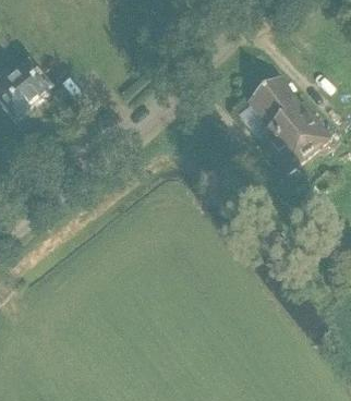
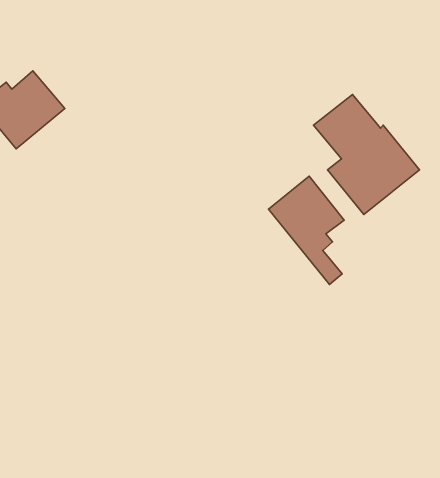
building: none -> [269,176,344,284]

